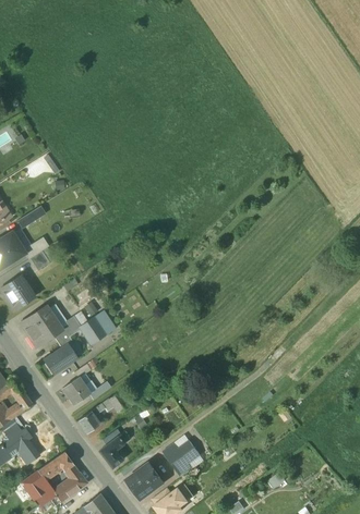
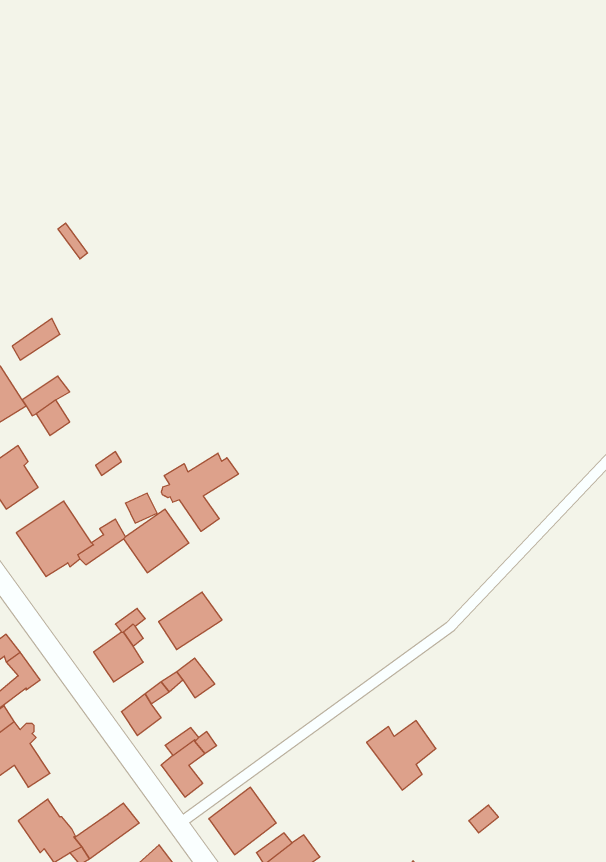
building: none -> [161,453,238,531]
building: [43,343,77,375] -> [159,592,222,650]
building: [161,440,200,478] -> [367,721,436,790]
building: [37,451,79,479] -> none

